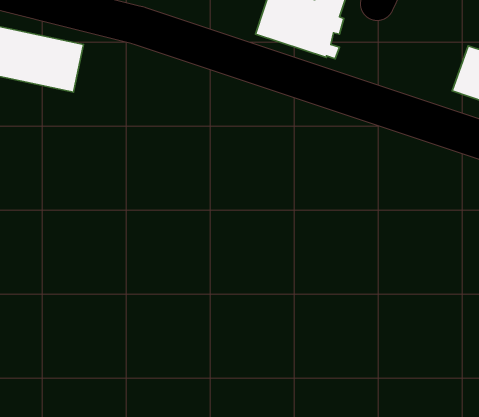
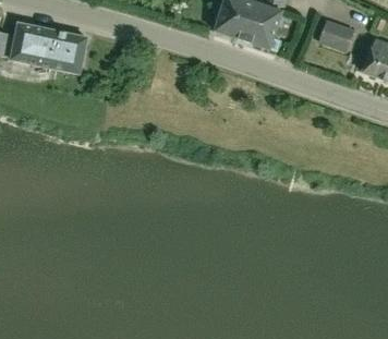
building: none -> [318,20,354,51]

